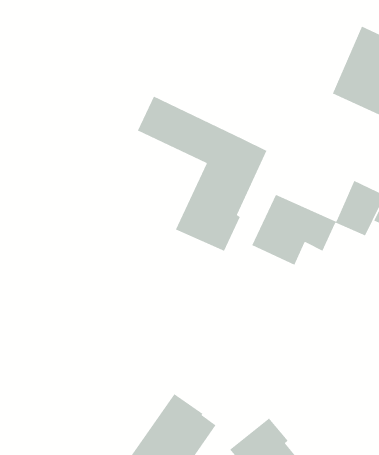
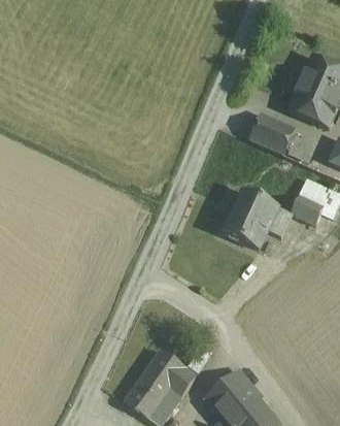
building: [137,96,267,252] -> none
building: none -> [248,113,294,154]

